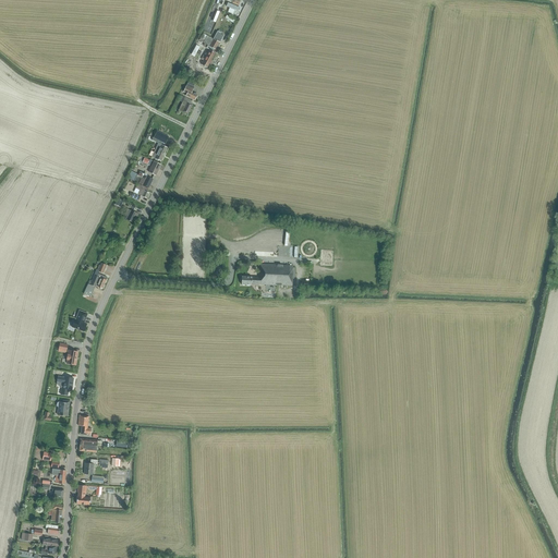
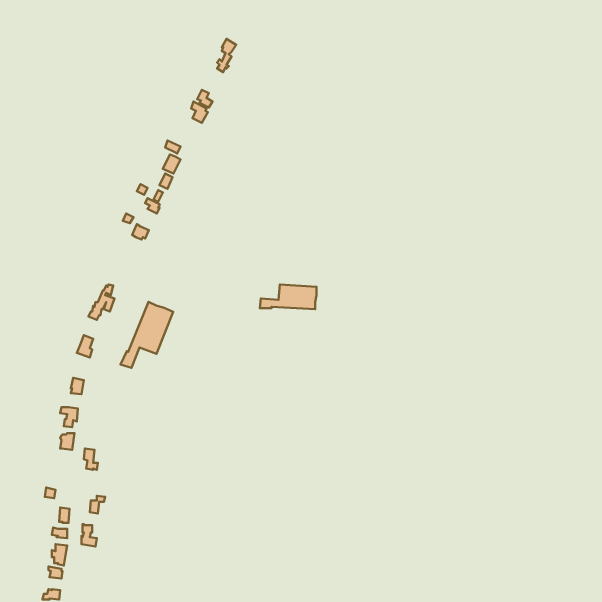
building: none -> [121,302,173,368]

